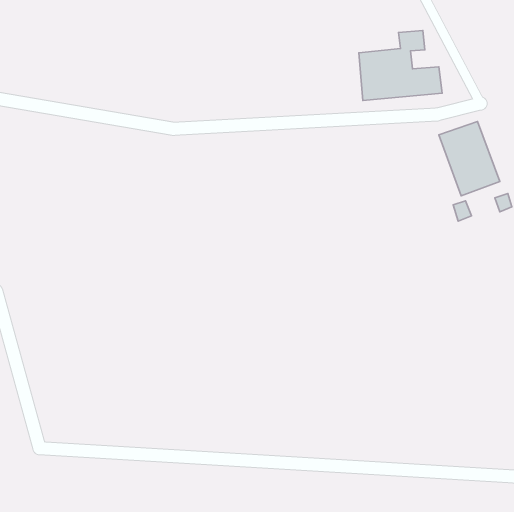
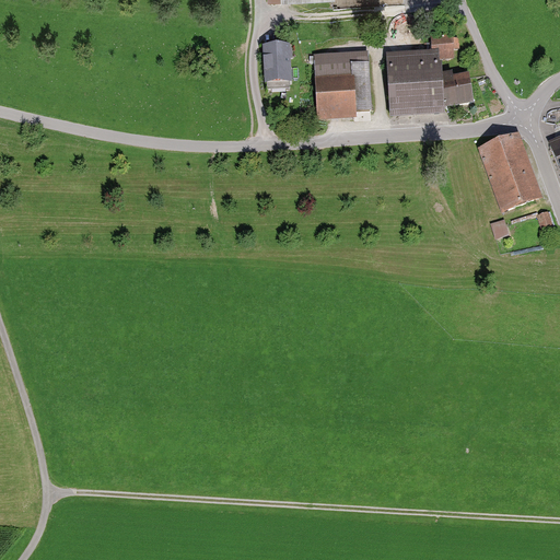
building: none -> [259,42,289,82]
building: none -> [315,54,373,114]

